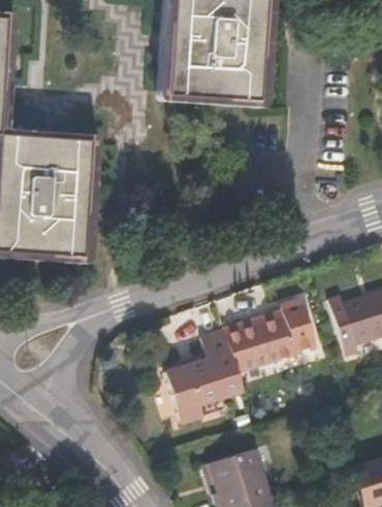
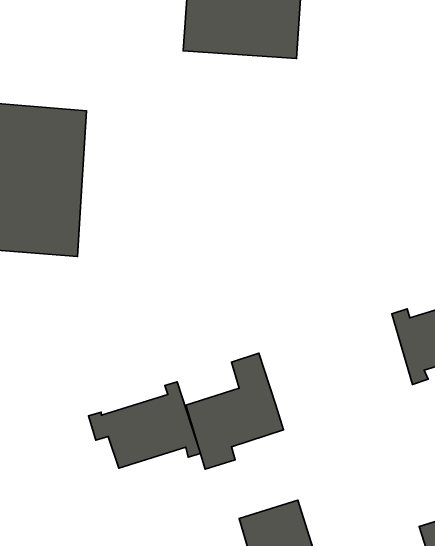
building: [222,301,316,372] -> none
building: none -> [89,382,201,468]

